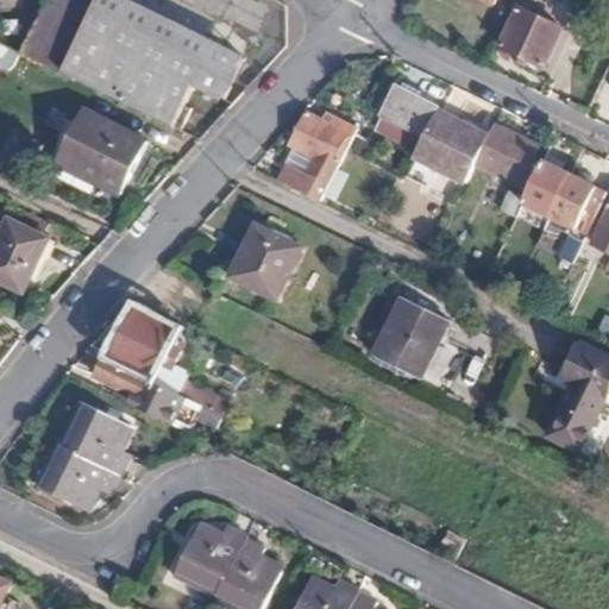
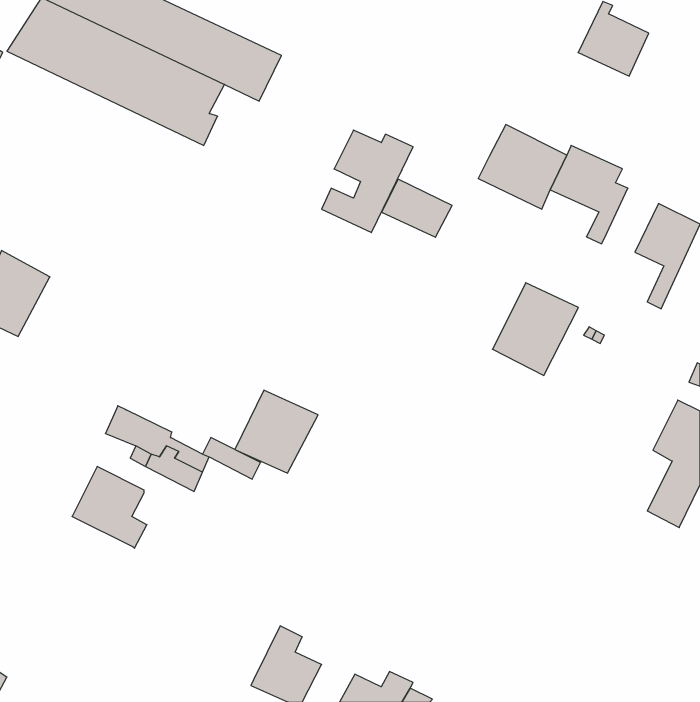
building: [373,84,434,134] -> [381,179,452,237]
building: [51,111,142,193] -> none
building: [519,162,565,216] -> none
building: [237,231,308,302] -> [235,390,318,473]
building: [381,303,454,383] -> [492,283,578,375]
building: [108,307,170,371] -> none
building: [37,442,114,506] -> none
building: [175,522,243,584] -> none

